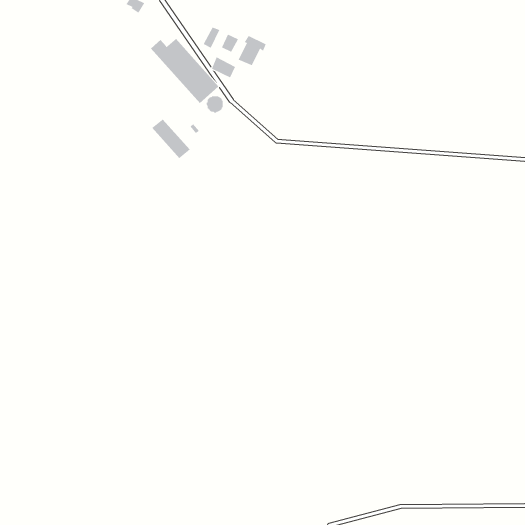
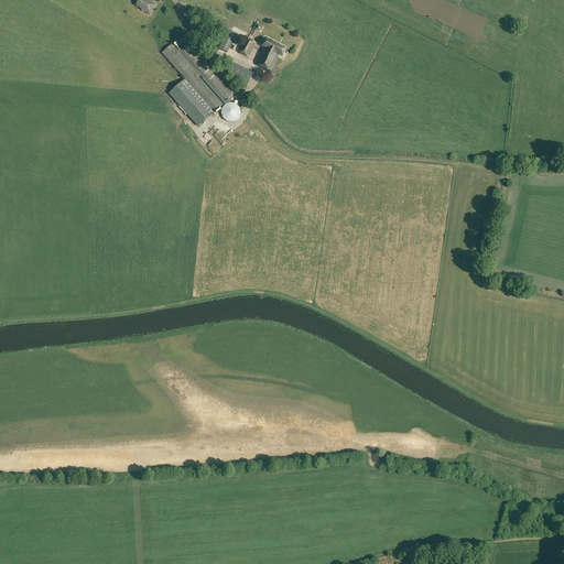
building: [151,119,190,159] -> [167,83,209,126]

